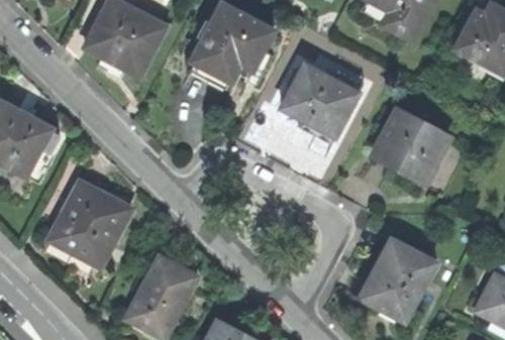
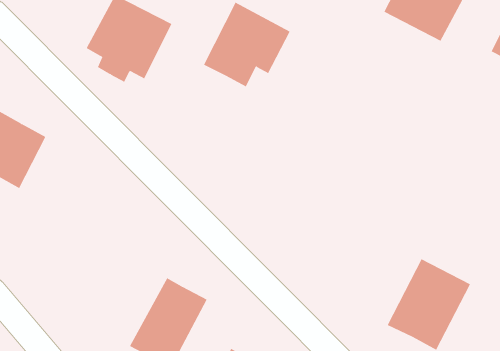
building: [281,63,358,134] -> none
building: [374,108,448,182] -> none
building: [49,180,130,265] -> none

